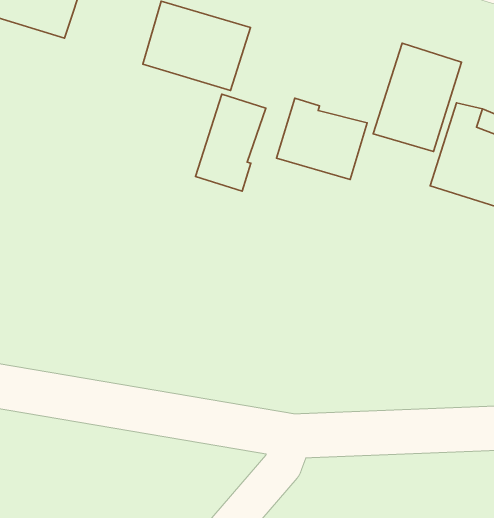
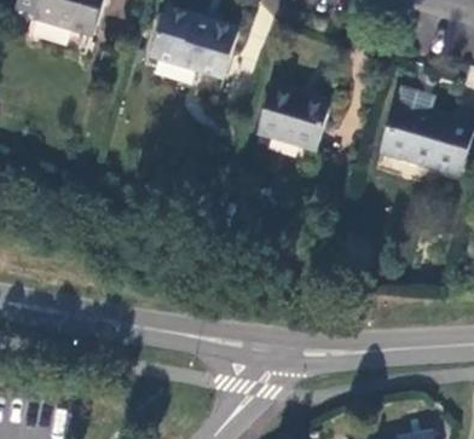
building: [373,43,462,151] -> none
building: [195,94,266,191] -> none

